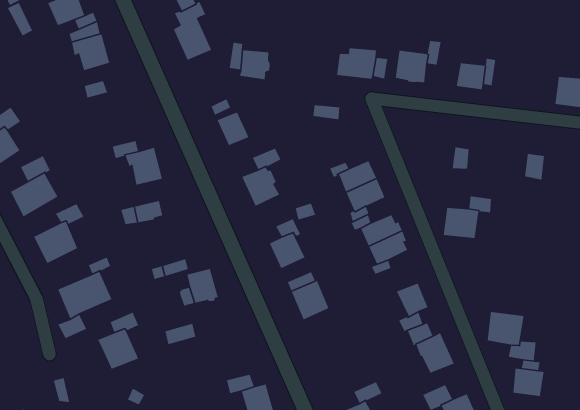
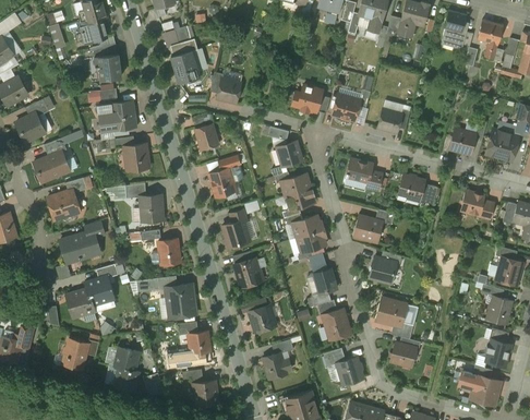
building: none -> [109,101,135,130]
building: none -> [276,141,302,167]
building: none -> [346,158,373,183]
building: none -> [397,175,425,202]
building: none -> [140,194,164,221]
building: none -> [369,256,396,284]
building: none -> [166,284,196,317]
building: none -> [249,304,276,333]
building: none -> [65,288,95,319]

